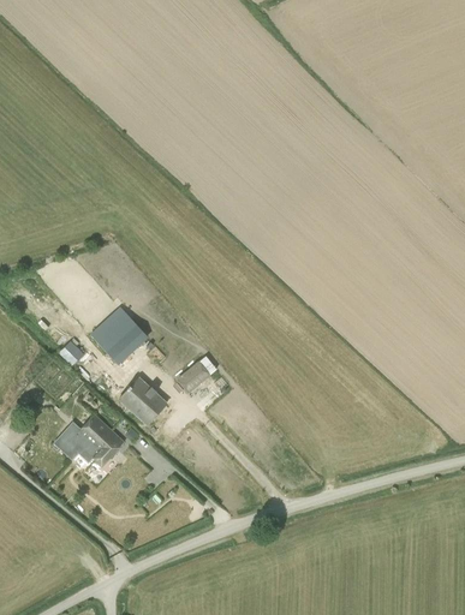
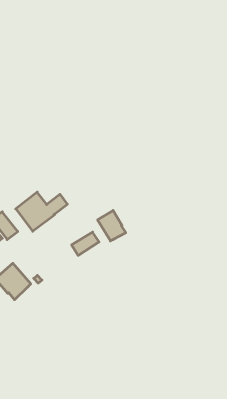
building: none -> [98,210,126,241]
building: [119,377,166,423] -> none

